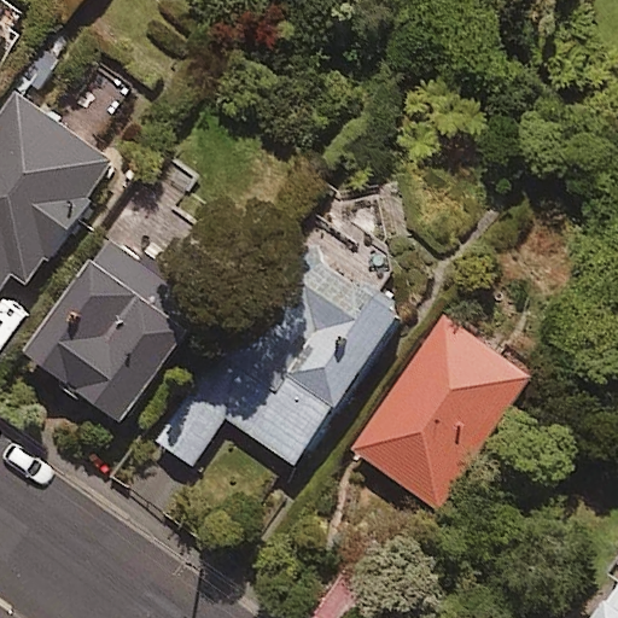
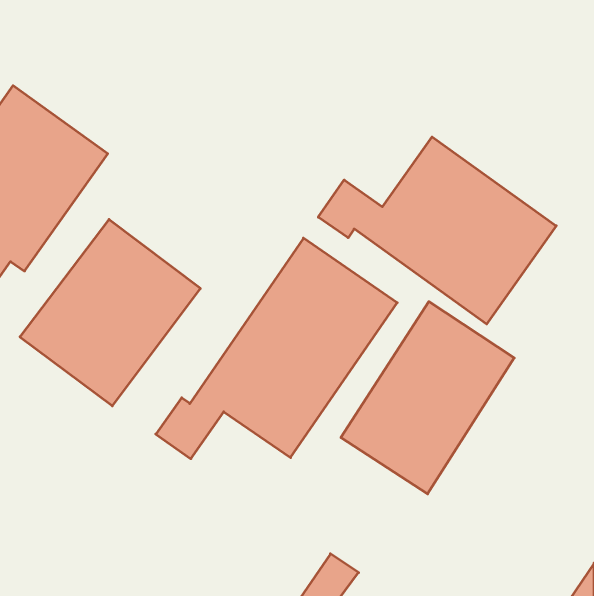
building: none -> [318,137,556,324]

